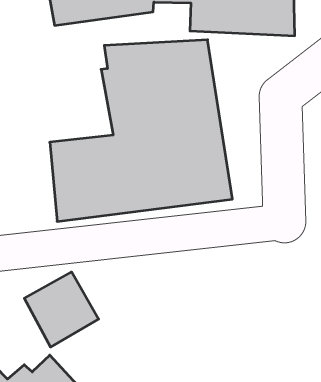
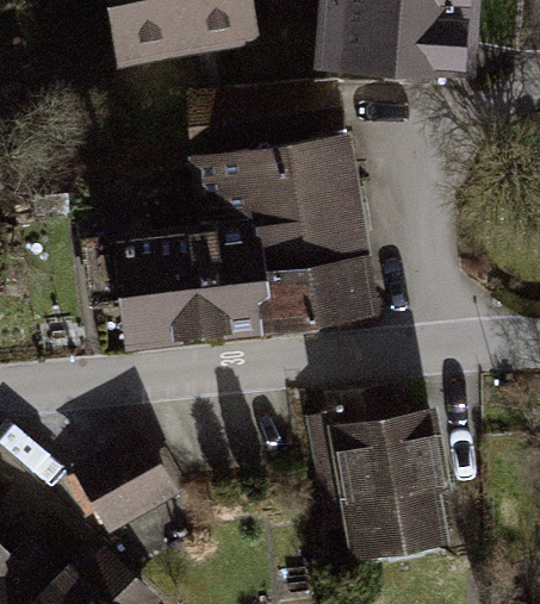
building: none -> [309,386,449,563]

